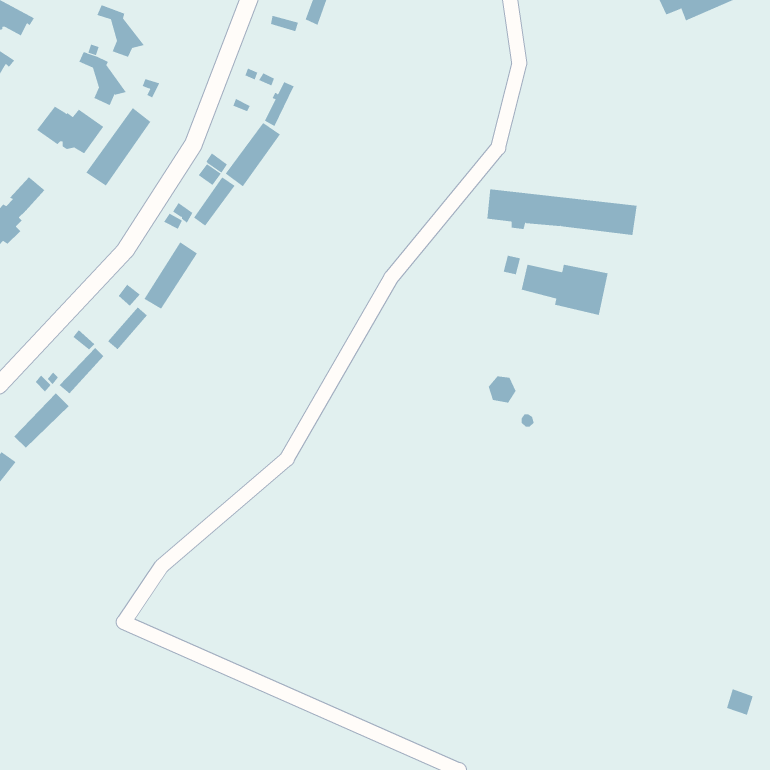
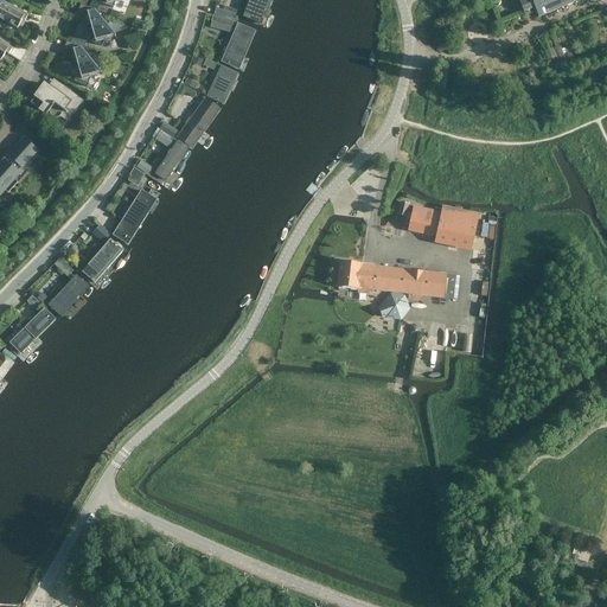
building: none -> [222,21,256,65]
building: [86,107,151,186] -> none
building: [487,189,638,236] -> [337,261,455,298]

